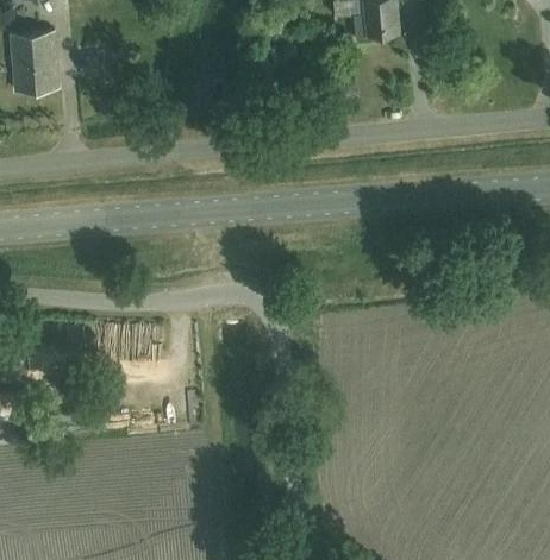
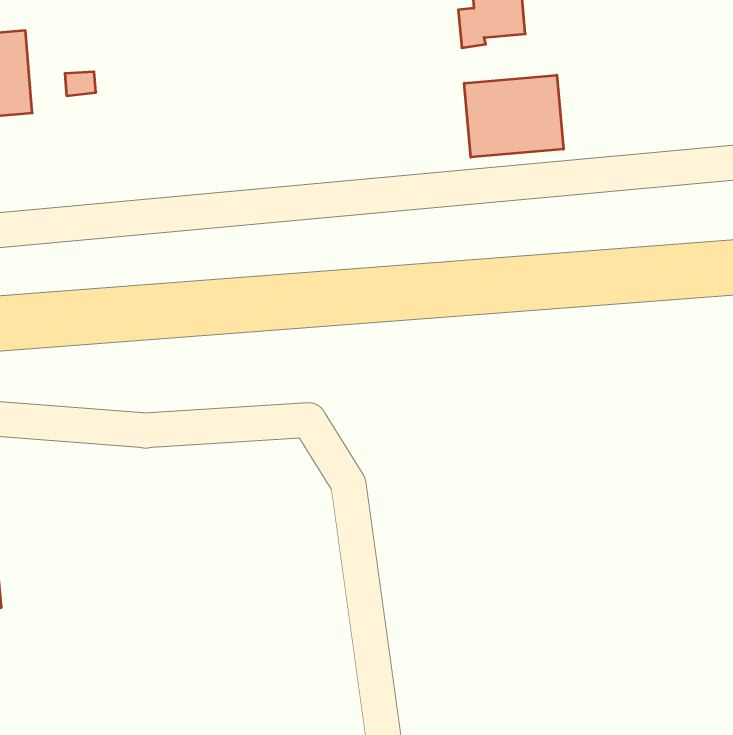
building: none -> [464,75,563,157]

